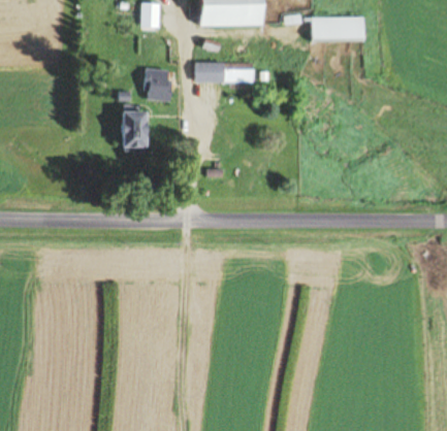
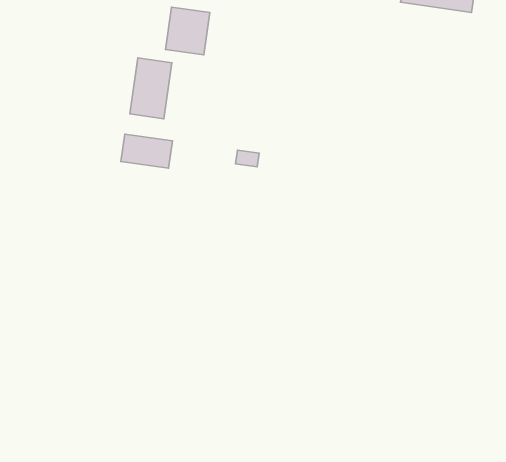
building: [194,63,254,81] -> none
building: none -> [121,134,173,168]

